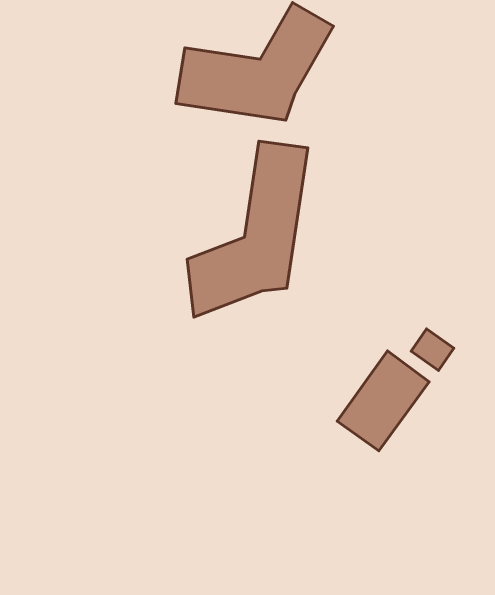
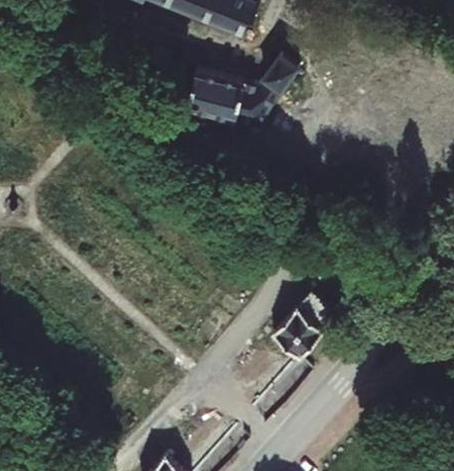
building: [187,141,308,317] -> none

